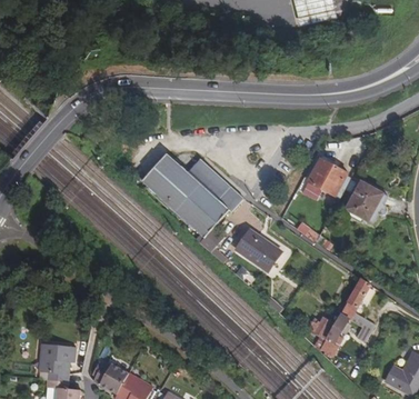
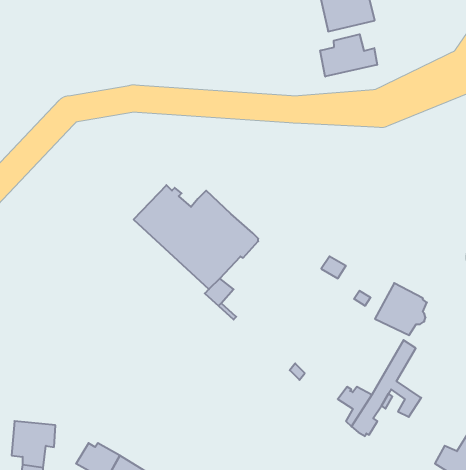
building: none -> [320,34,377,77]
building: [306,158,347,197] -> none
building: [345,181,387,223] -> [375,283,427,335]
building: [235,232,279,273] -> none

